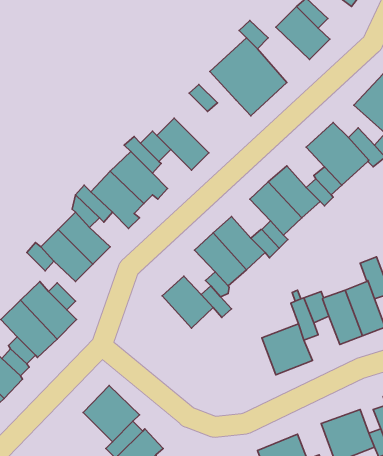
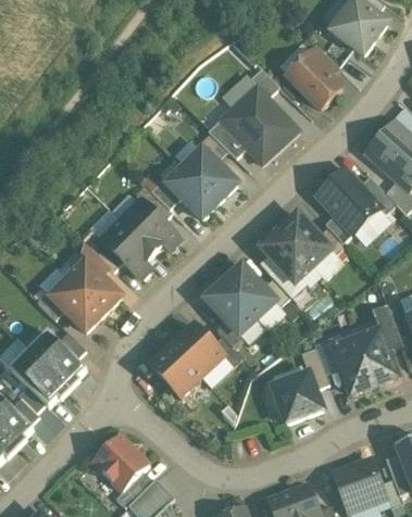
building: none -> [207,118,246,157]
building: none -> [184,148,236,200]
building: none -> [149,343,201,395]

